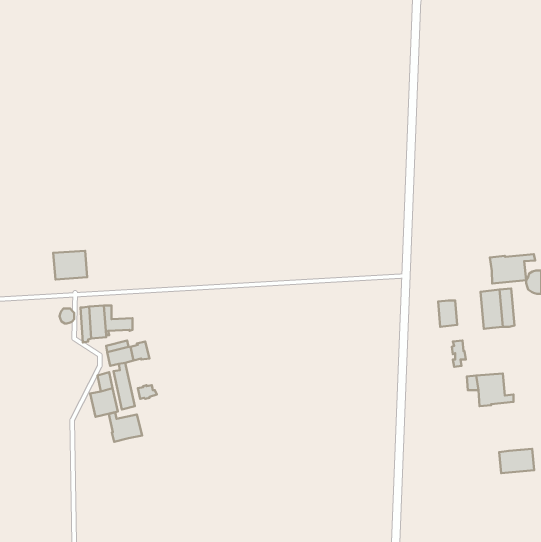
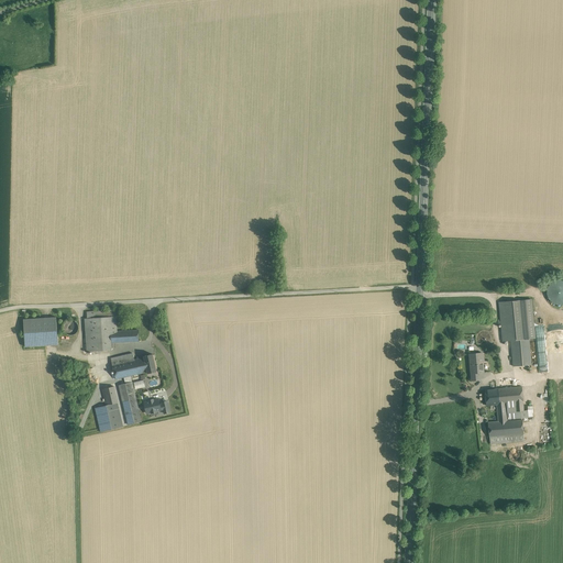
building: [53,251,87,279] -> [22,317,57,346]
building: [490,254,535,283] -> none
building: [438,300,457,327] -> [510,339,530,366]
building: [109,412,142,442] -> none
building: [499,449,534,473] -> [487,419,523,444]

